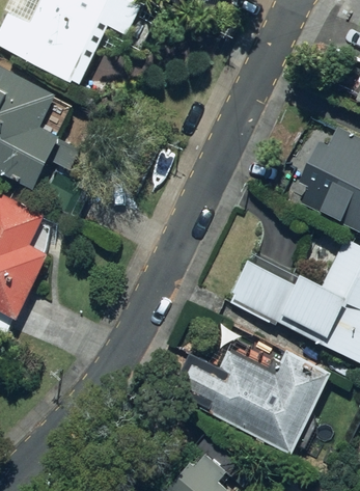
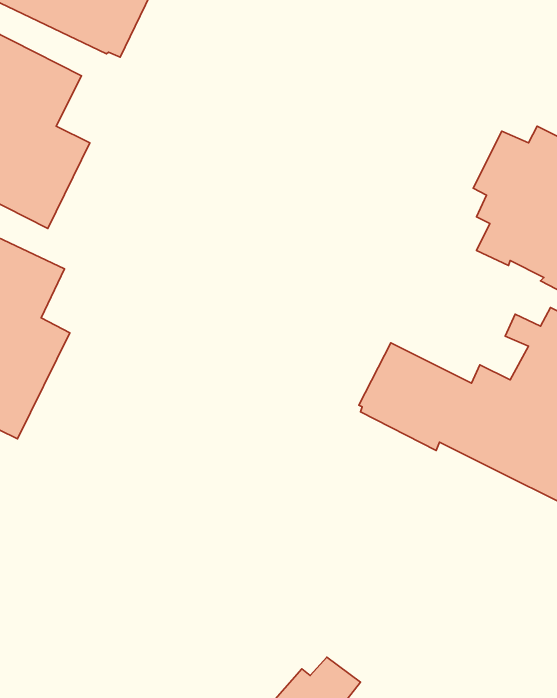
building: [174,350,331,453] -> none

